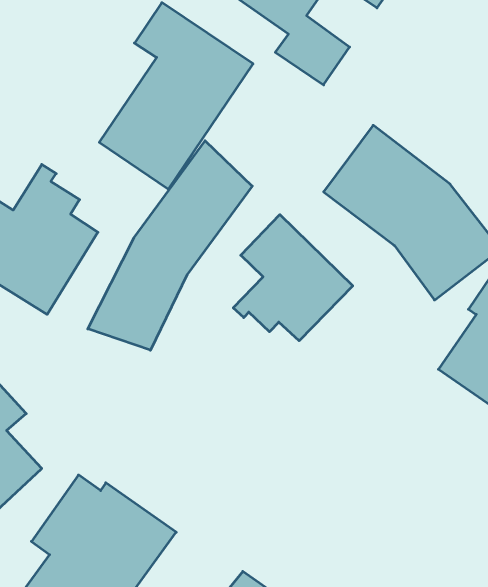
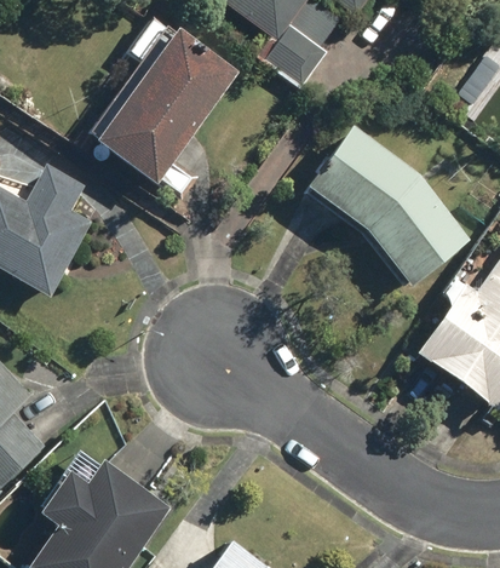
building: [88,141,252,350] -> none
building: [233,215,353,341] -> none

